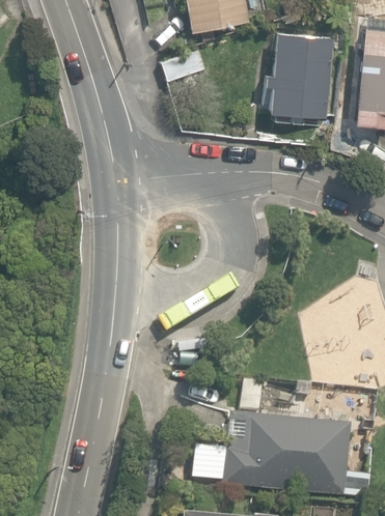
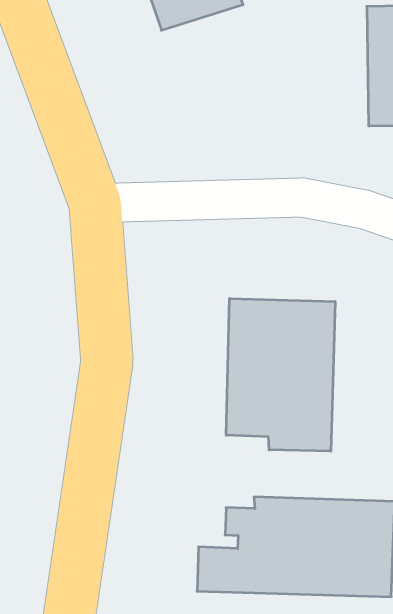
building: [267,29,335,113] -> none
building: none -> [226,298,335,451]

